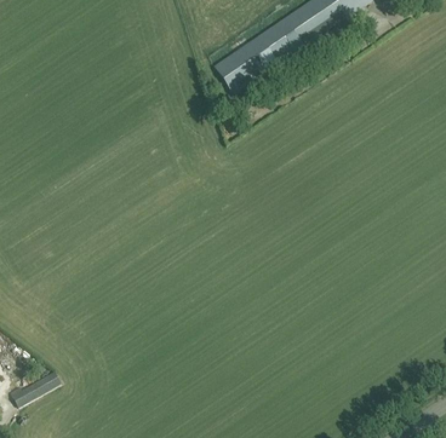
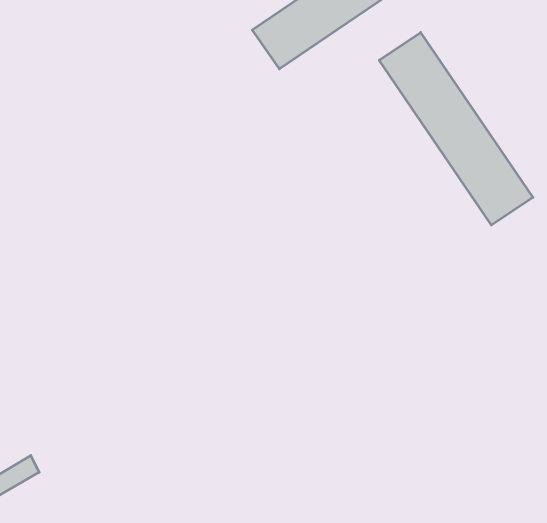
building: none -> [379,32,533,225]

